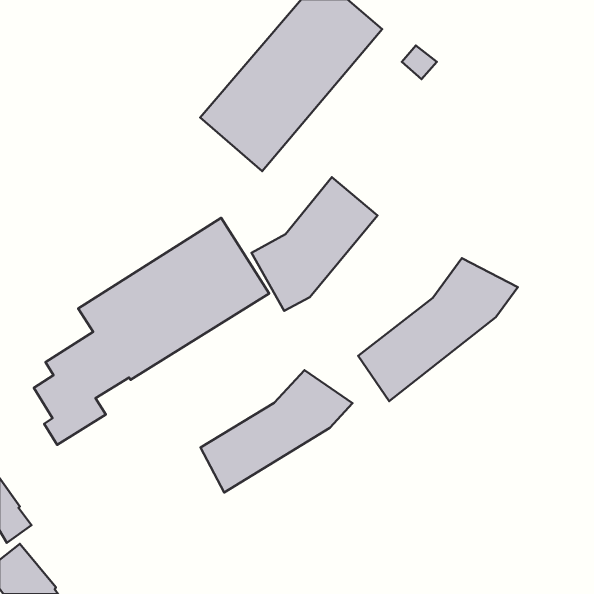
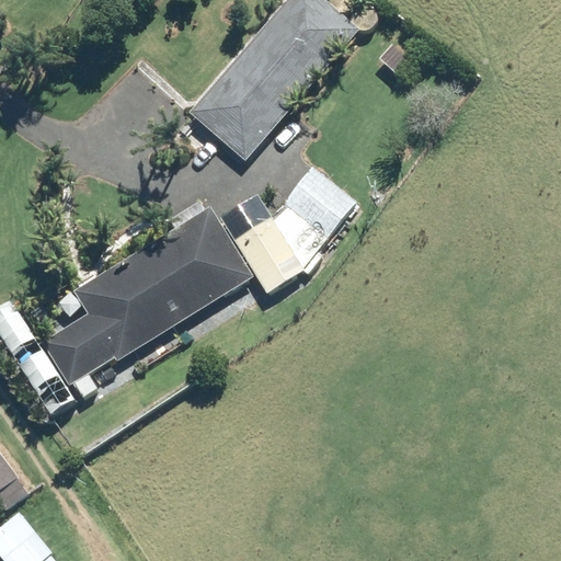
building: [358,258,518,401] -> none
building: [201,370,353,493] -> none

